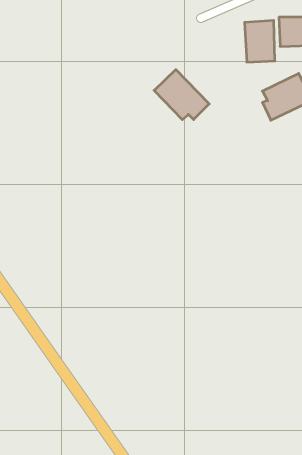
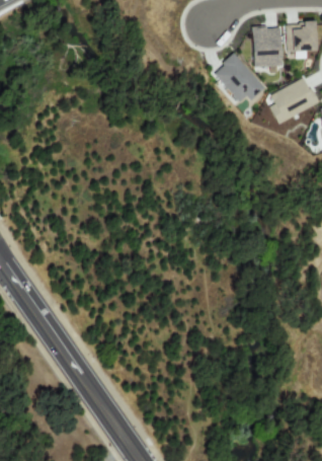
building: [154,70,209,120] -> [213,54,266,102]

